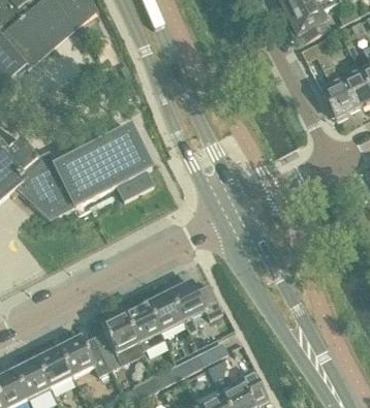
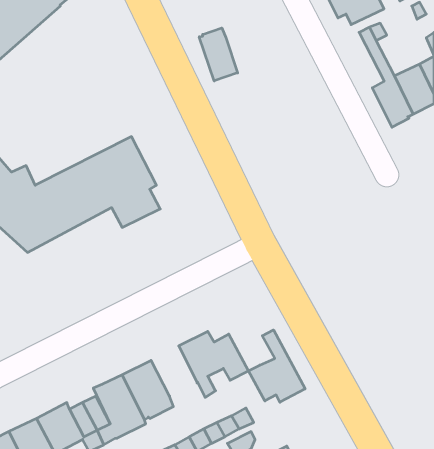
building: none -> [199,28,238,81]
building: none -> [248,330,305,402]
building: [147,291,183,331] -> none

